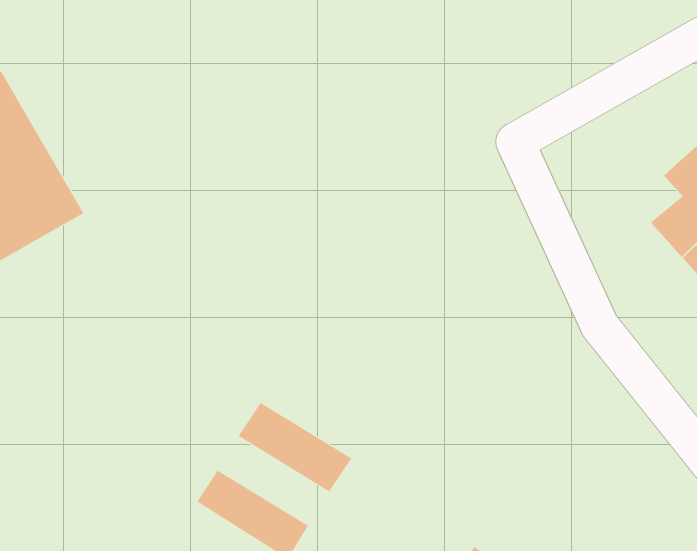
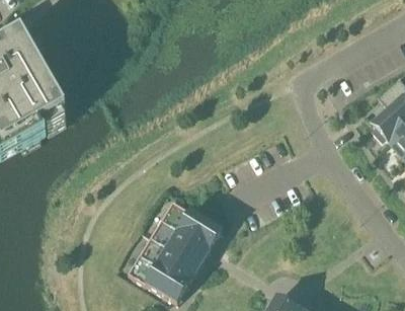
building: none -> [162,201,223,249]
building: none -> [139,237,199,286]

